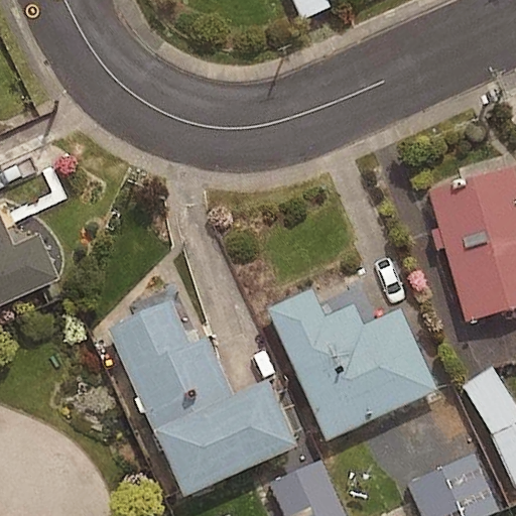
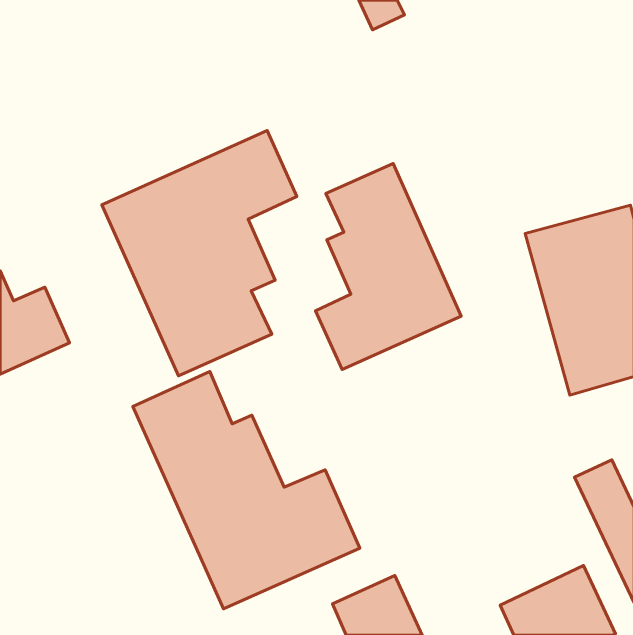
building: none -> [102,131,297,376]
building: none -> [316,164,461,370]
building: [267,289,436,439] -> none

